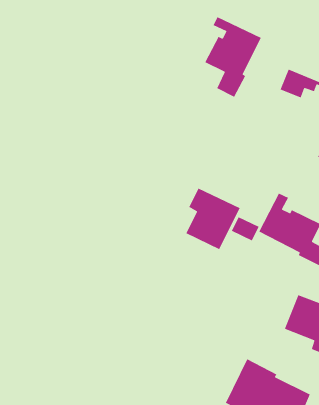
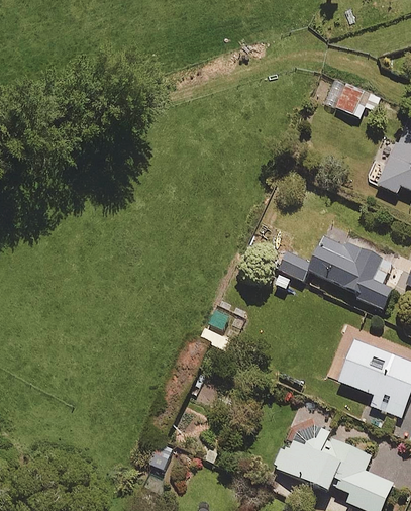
building: [204,16,262,98] -> none
building: [185,187,241,250] -> none

